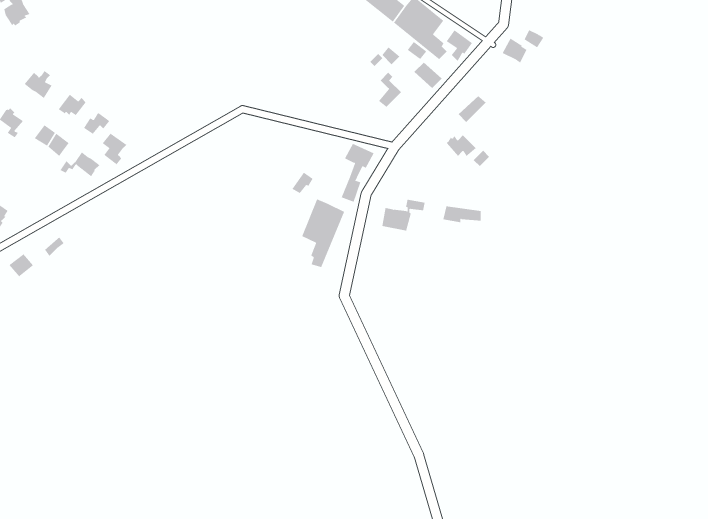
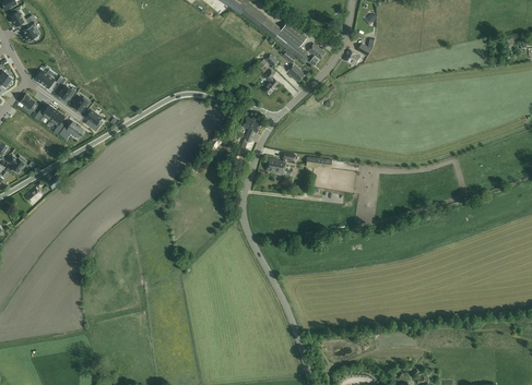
building: [301,199,345,268] -> none

